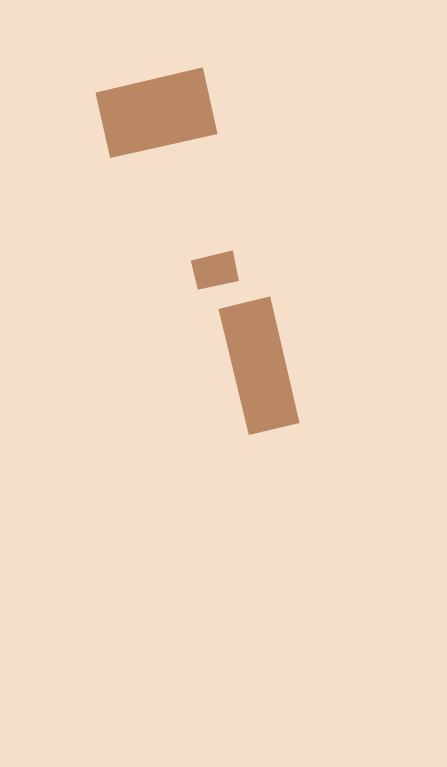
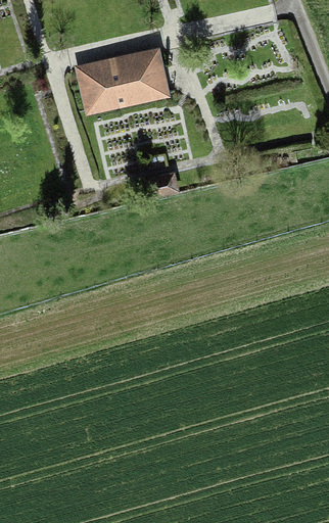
building: [217,296,301,436] -> none

